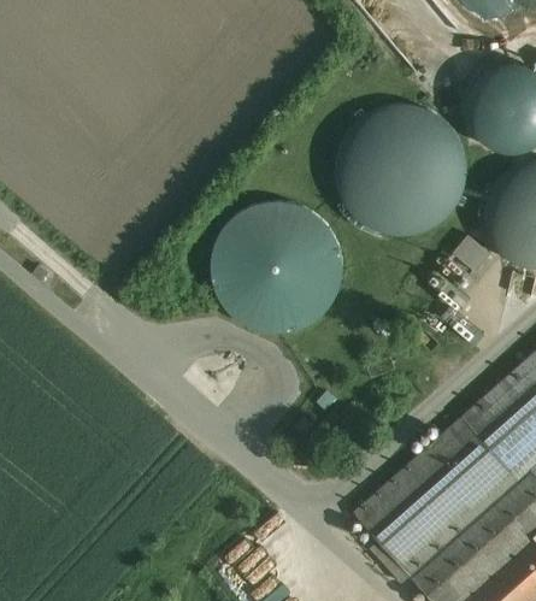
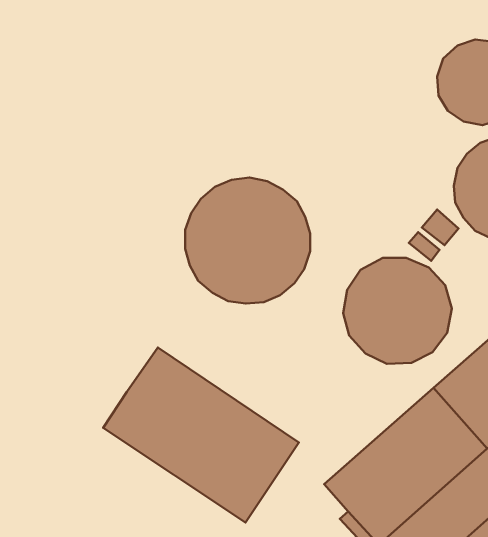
building: [338,105,466,232] -> none
building: none -> [343,258,452,364]
building: none -> [103,348,299,522]

